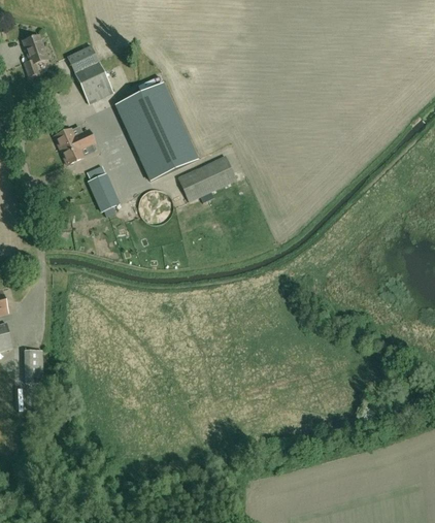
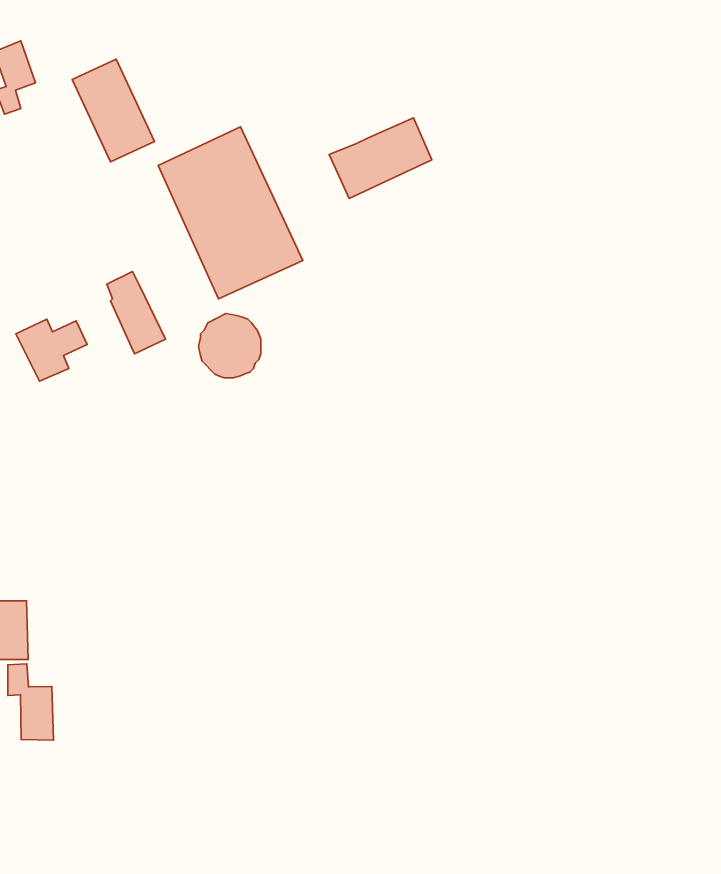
building: [54,128,94,163] -> [16,319,87,381]
building: [178,155,236,200] -> [329,118,432,198]
building: none -> [8,664,54,740]

